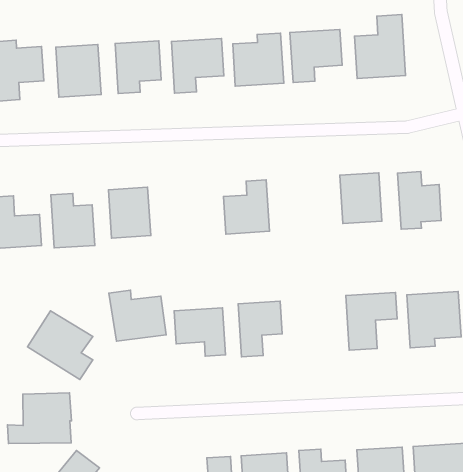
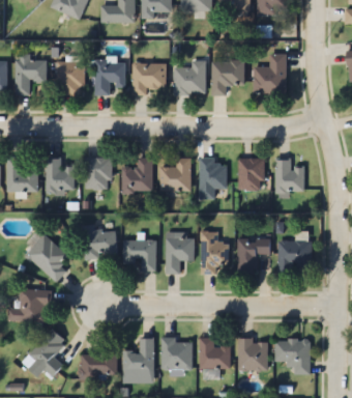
building: none -> [200,160,226,199]
building: none -> [121,158,152,193]
building: none -> [201,232,230,274]

